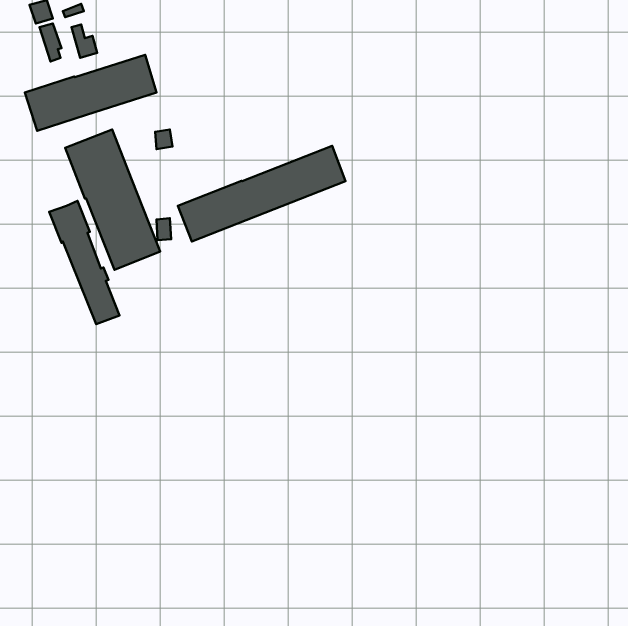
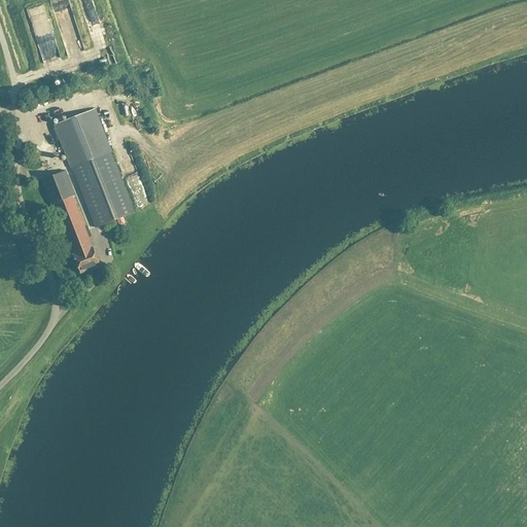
building: [25,55,157,131] -> none
building: [178,146,345,242] -> none

